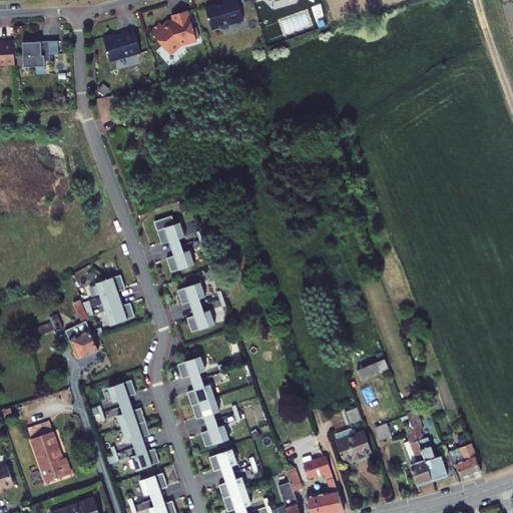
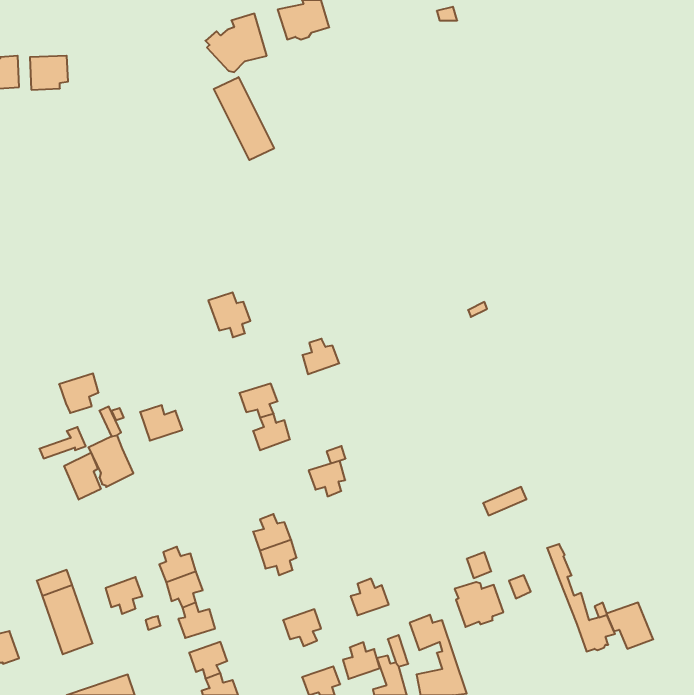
building: [102,29,140,61] -> none
building: none -> [214,77,274,160]
building: [166,245,193,272] -> [302,339,339,374]
building: [95,275,124,304] -> [59,373,99,413]
building: none -> [64,453,101,500]
building: [177,357,204,383] -> [309,461,345,496]
building: [108,380,135,407] -> [106,577,142,614]
building: [200,420,228,447] -> [351,579,389,615]
building: [403,427,432,485] -> none
building: [218,472,245,499] -> [343,642,380,679]

